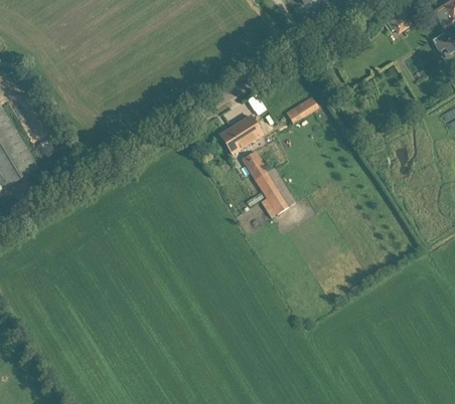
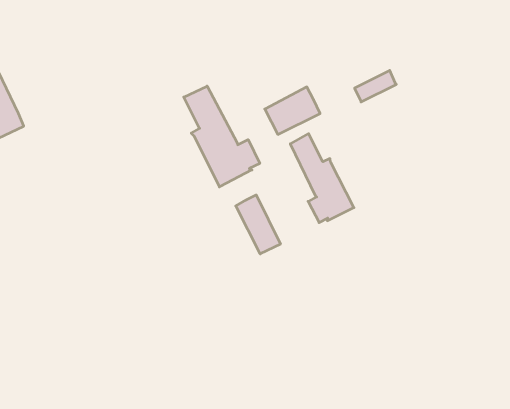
building: none -> [184,86,260,187]
building: none -> [236,195,280,254]

